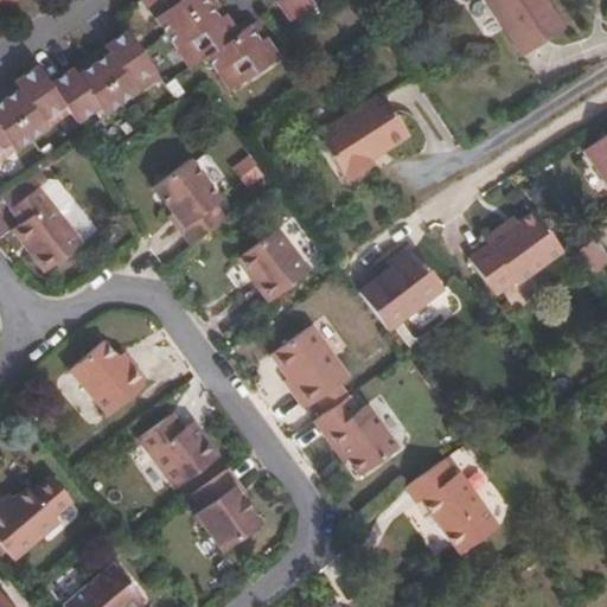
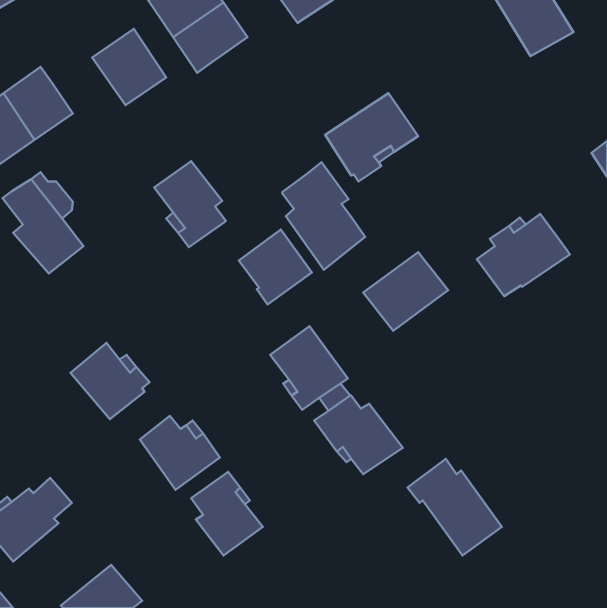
building: [213,25,282,90] -> none
building: [52,57,124,123] -> none
building: none -> [282,162,365,270]

